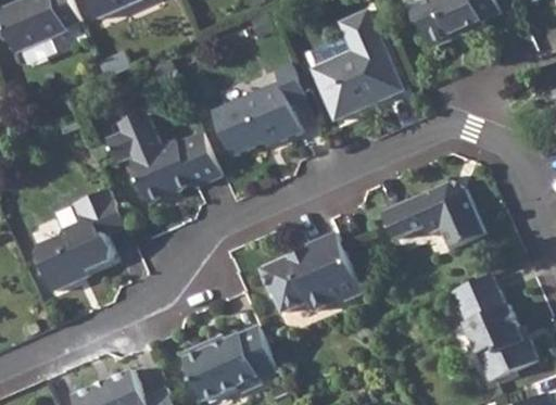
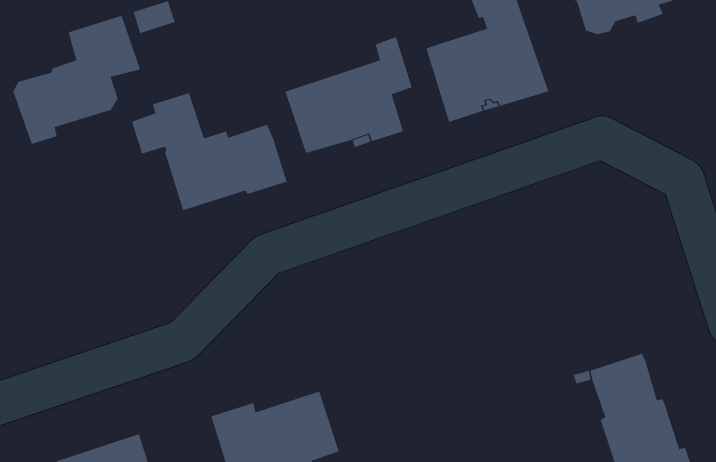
building: [383,183,484,251] -> none
building: [33,189,124,289] -> [12,15,141,144]
building: [261,232,363,312] -> none

